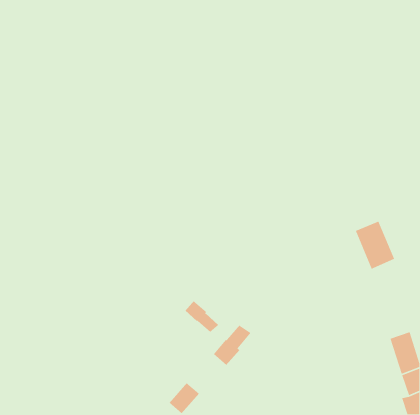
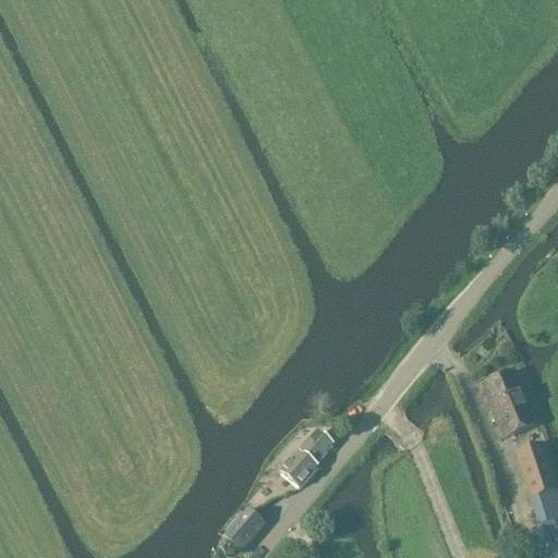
building: [355,221,395,270] -> [483,368,536,434]
building: [184,300,219,333] -> none

